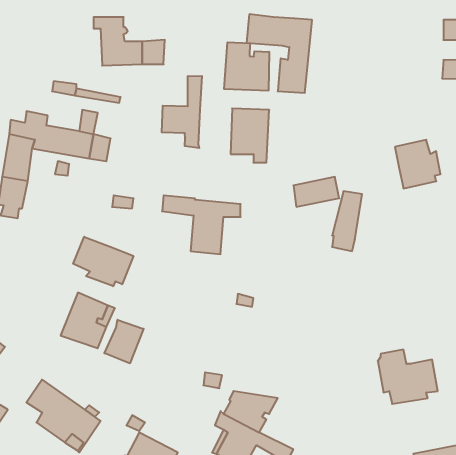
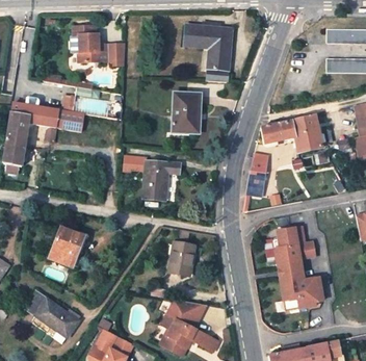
building: [224,42,269,91] -> none
building: [162,76,202,148] -> none
building: [293,177,339,207] -> [261,122,294,144]
building: [73,237,133,286] -> none
building: none -> [272,226,315,273]
building: none -> [167,242,193,276]
building: [104,320,144,363] -> none

